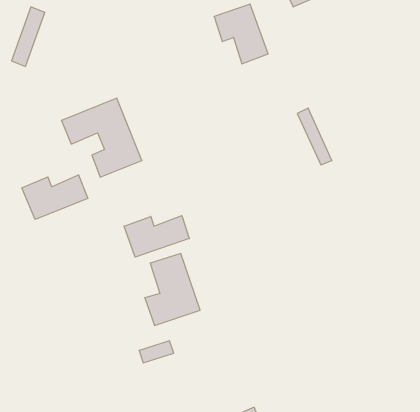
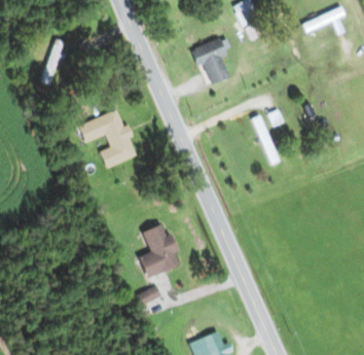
building: [22,175,88,219] -> none
building: [124,216,189,257] -> none

